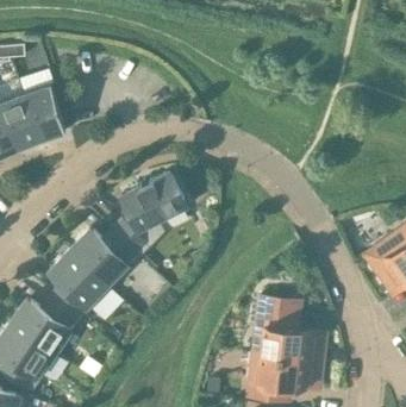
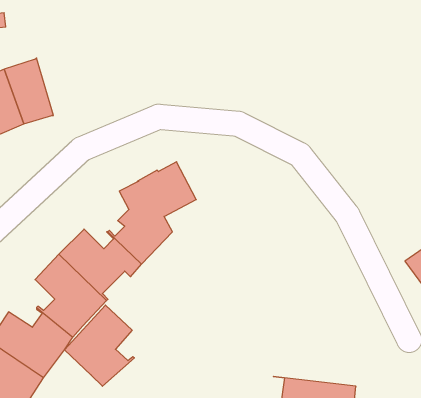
building: none -> [65,305,134,386]
building: [251,296,324,362] -> none

